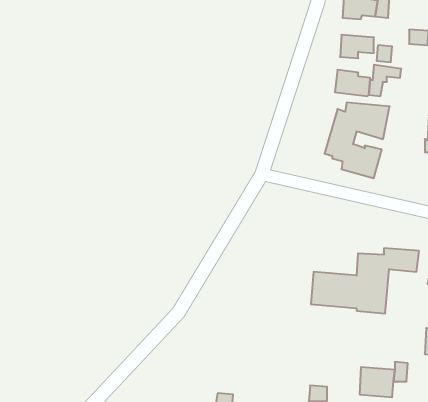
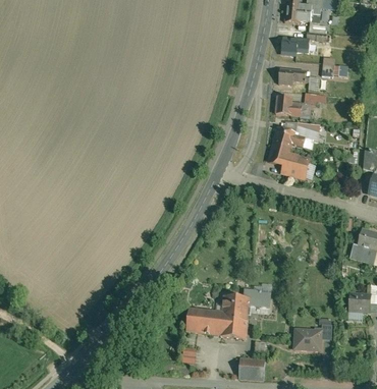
building: [311,248,419,313] -> [188,285,273,336]

